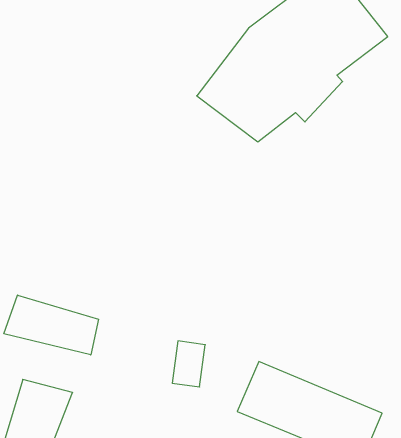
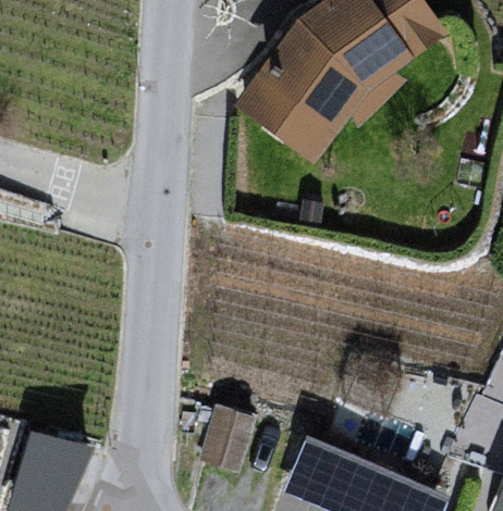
building: [4,295,99,355] -> none

